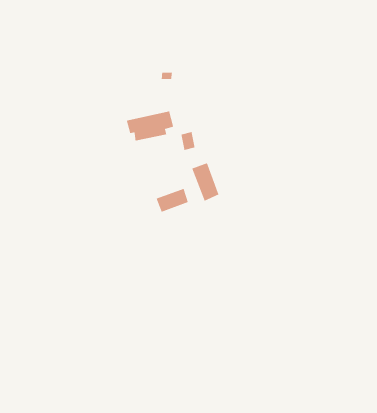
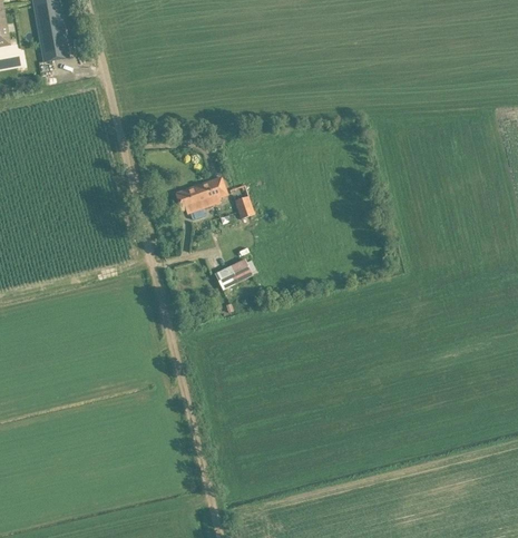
building: [191,162,220,202] -> none

